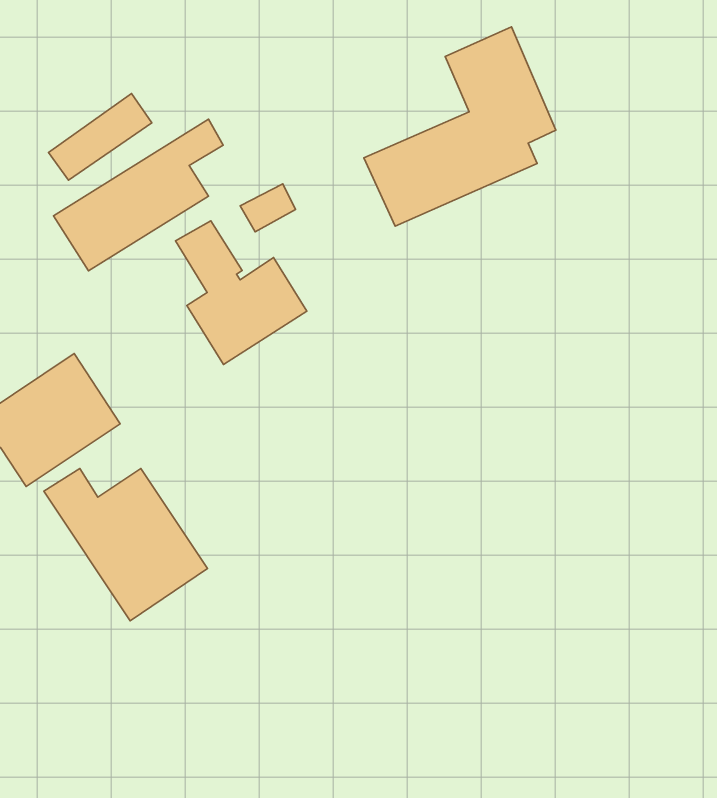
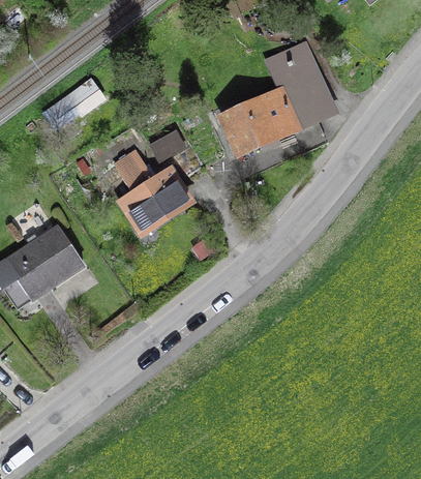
building: [53,119,223,271] -> none
building: [44,469,207,621] -> none

